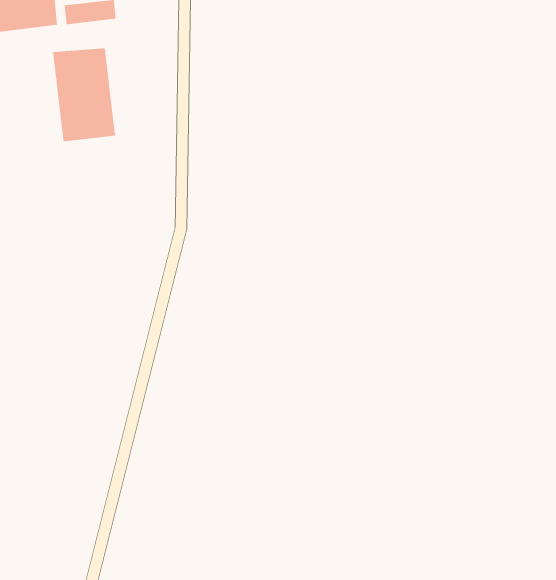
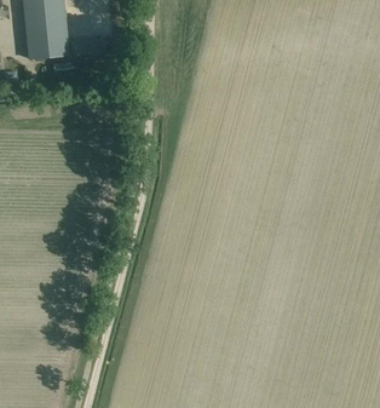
building: [52,47,116,142] -> none

